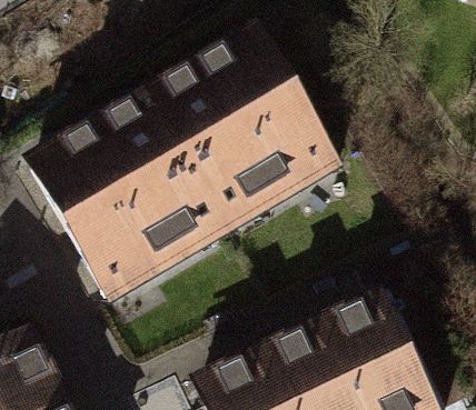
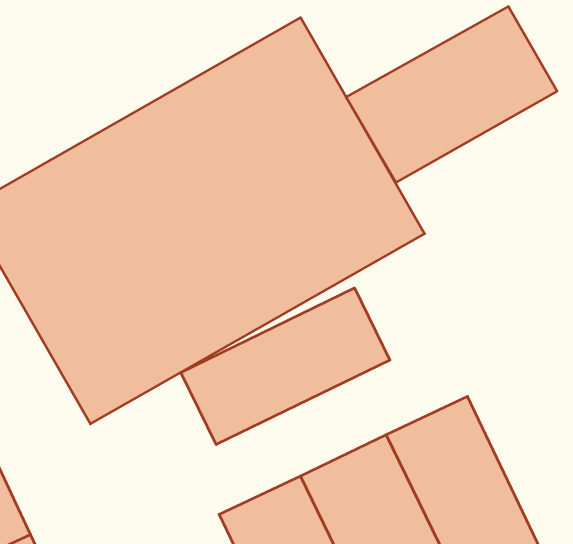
building: none -> [346,7,557,183]
building: none -> [181,288,390,445]

